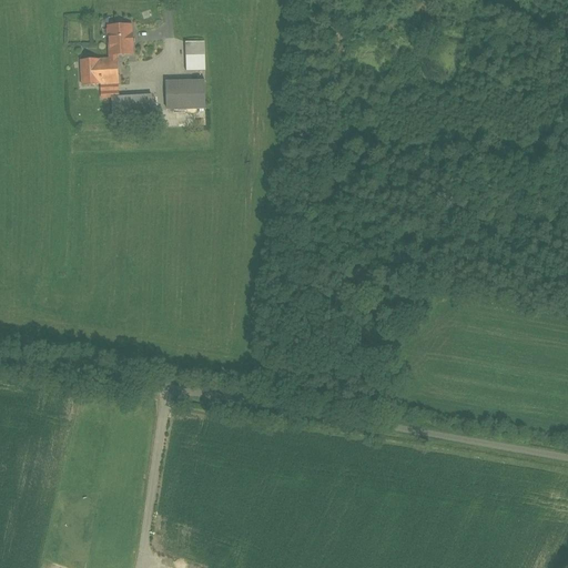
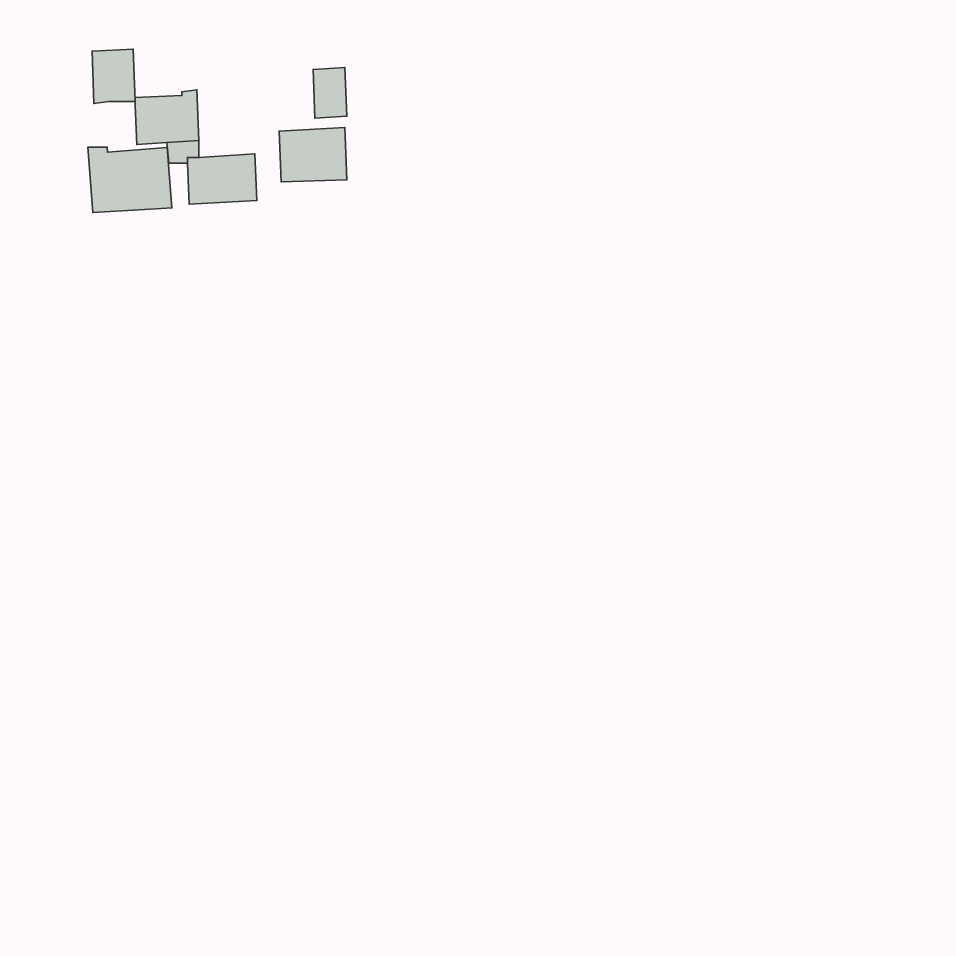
building: [106,22,132,54] -> [92,49,135,104]
building: none -> [88,147,172,212]

